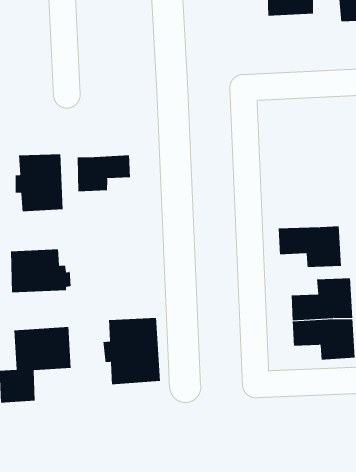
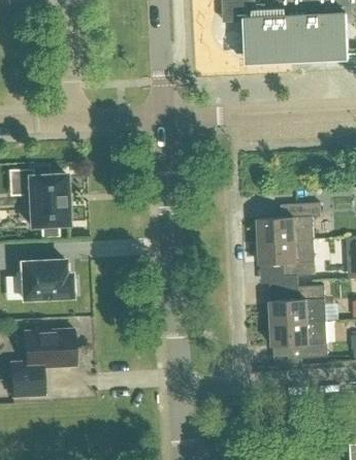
building: [77,155,130,192] -> none
building: none -> [258,203,321,241]
building: [103,317,161,385] -> none

